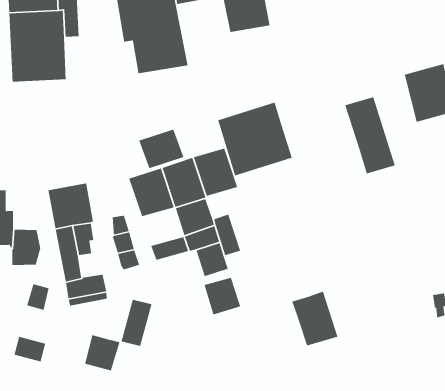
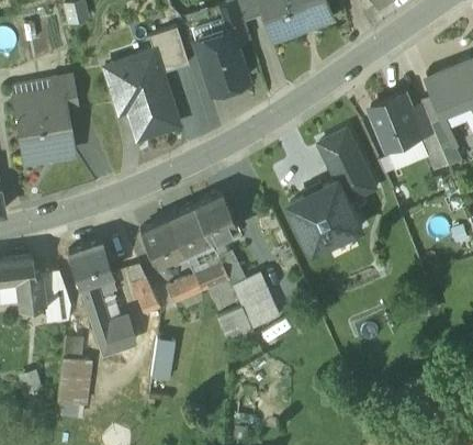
building: [217,101,293,177] -> [291,181,362,253]
building: [138,128,184,169] -> none
building: [291,291,339,347] -> [233,277,279,329]
building: [84,334,120,372] -> [59,357,89,388]

